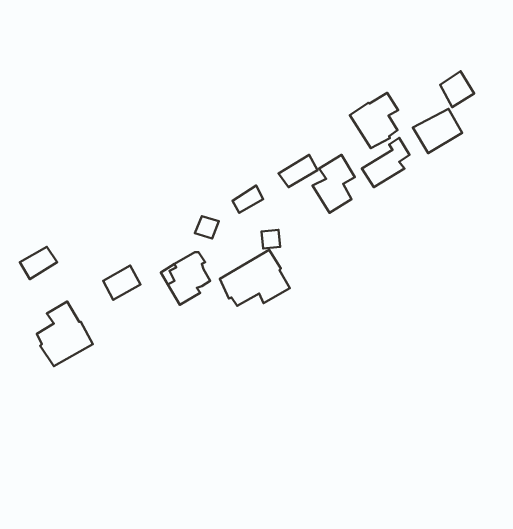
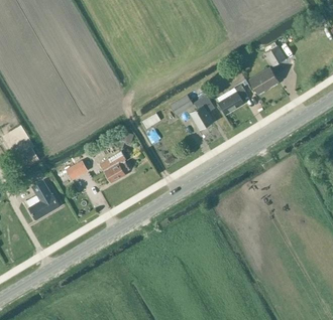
building: [350,93,398,148] -> none
building: [220,250,290,306] -> none

